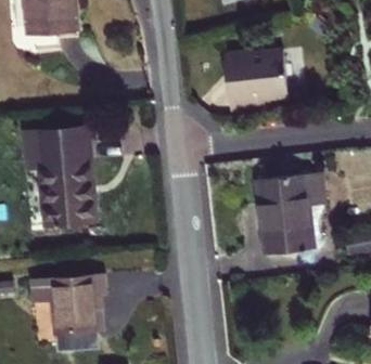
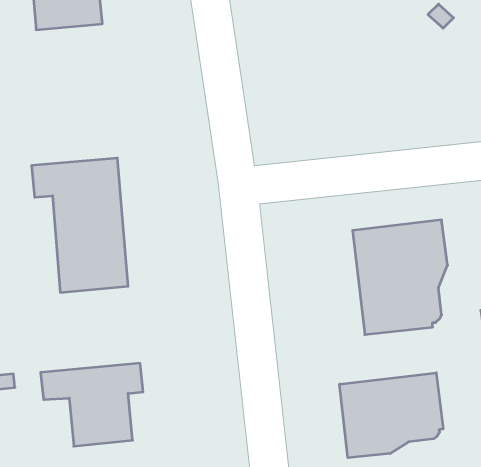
building: [223,50,286,110] -> none
building: none -> [340,373,443,458]

